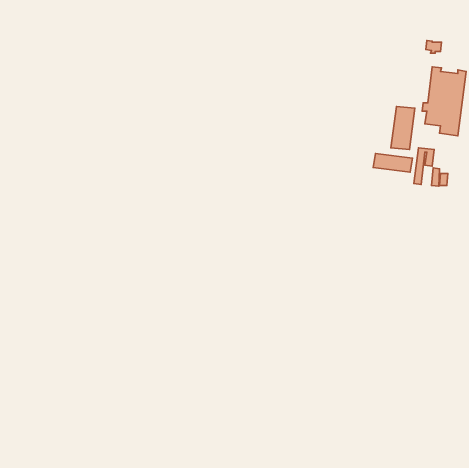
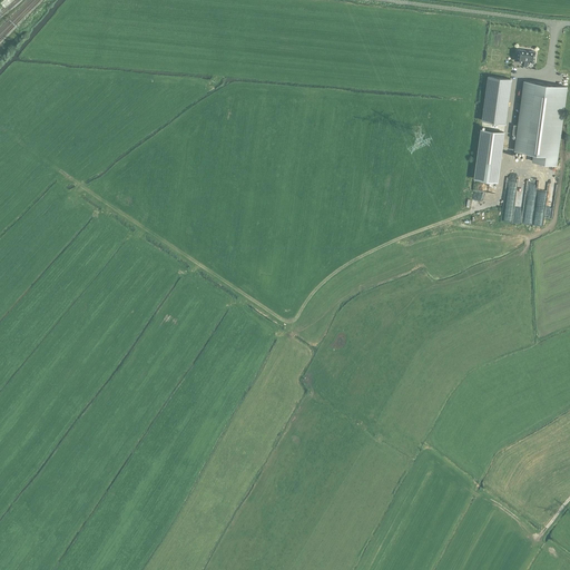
building: none -> [482,77,511,125]
building: [373,153,413,172] -> none

